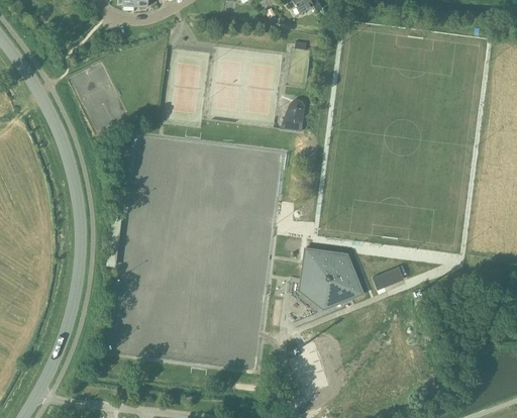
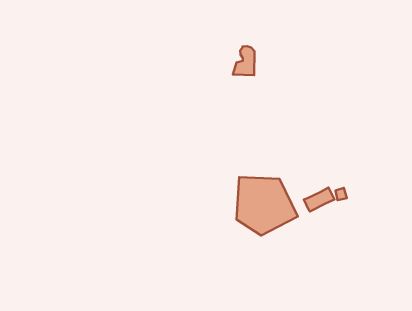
building: [280,99,305,130] -> [233,46,255,75]

